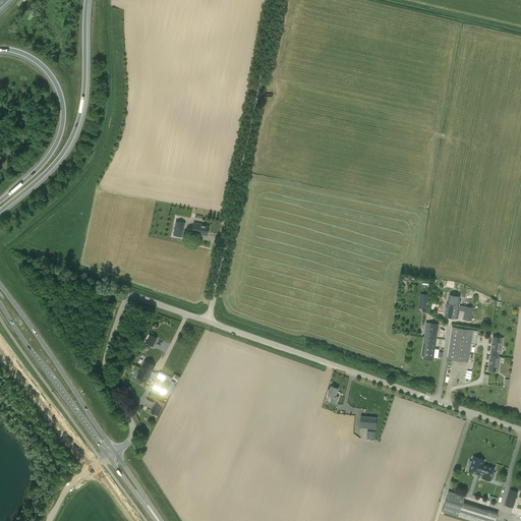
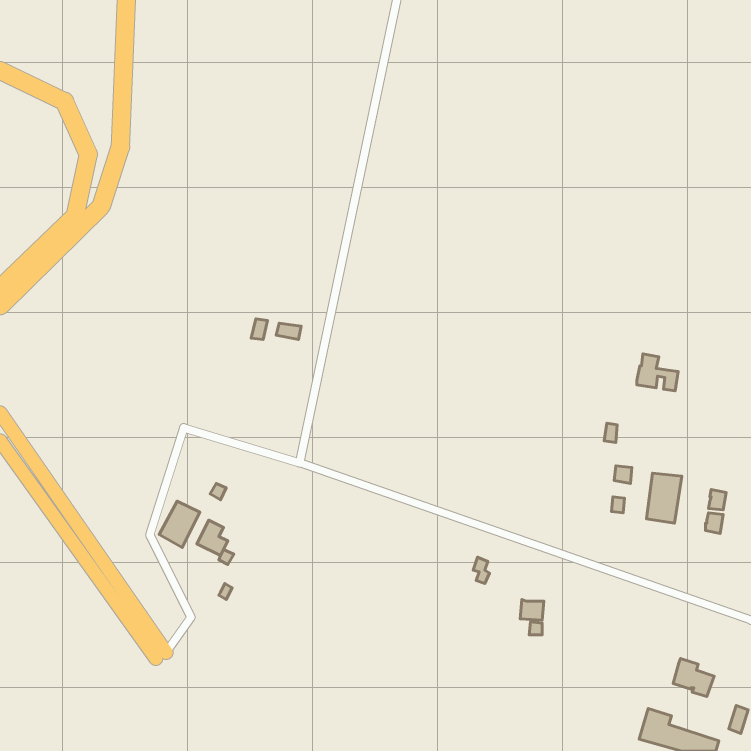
building: [445,295,473,321] -> [637,354,678,391]
building: none -> [159,501,200,548]

